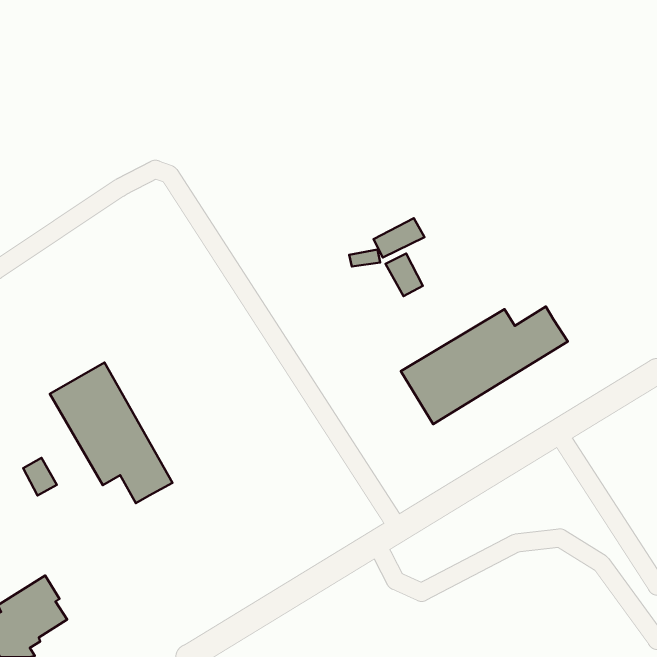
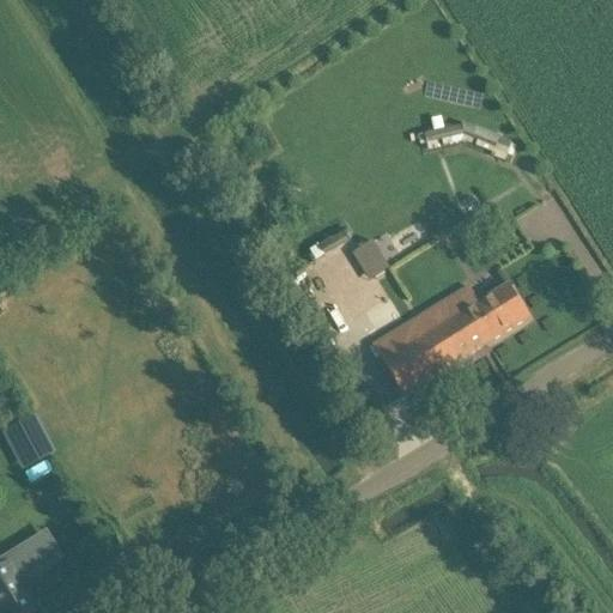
building: [374,218,424,258] -> none
building: [50,363,172,503] -> none

